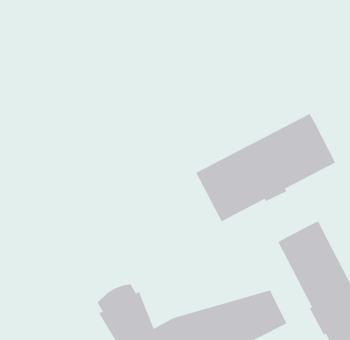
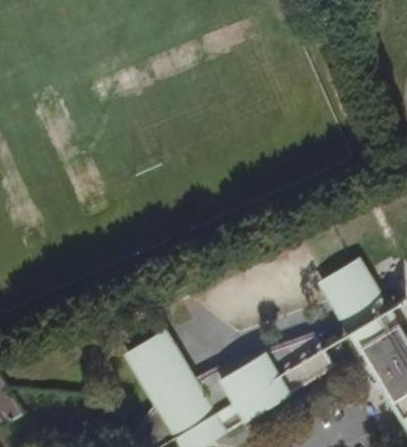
building: [196,113,336,222] -> none

